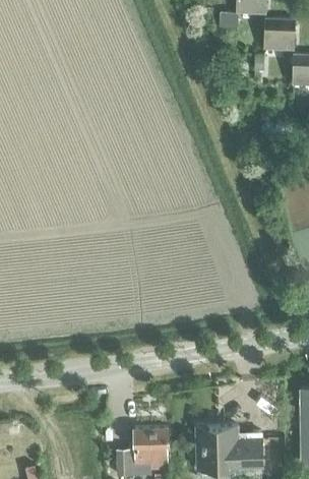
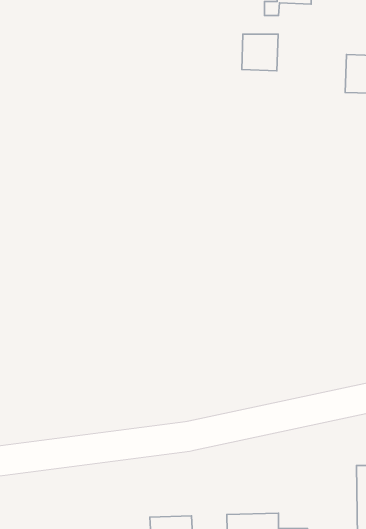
building: [263,23,293,53] -> [242,34,278,71]

